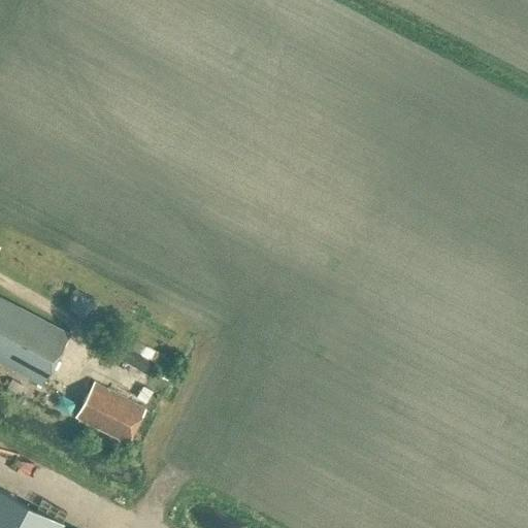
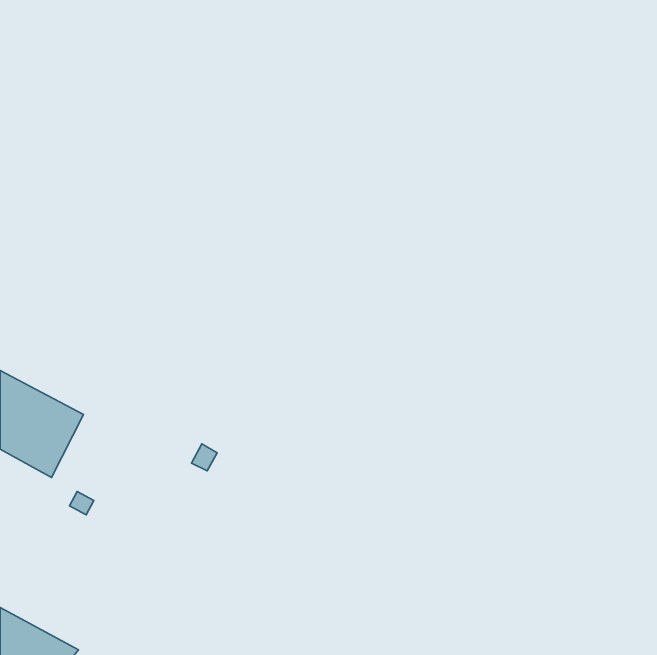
building: [75,383,144,443] -> none

